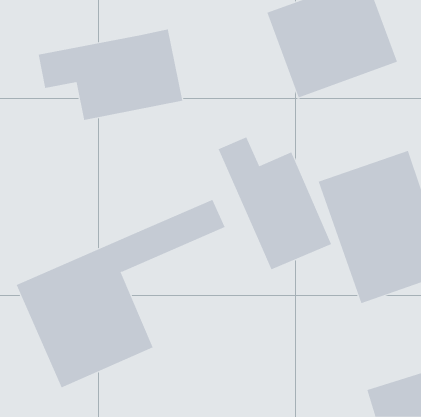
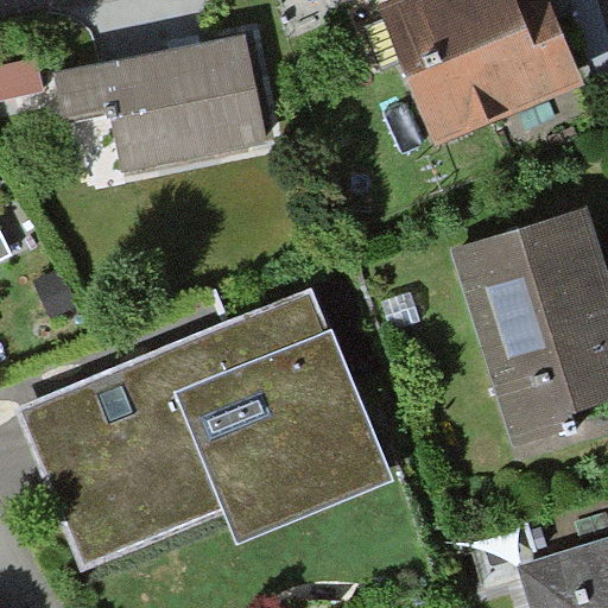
building: [218,136,332,270] -> none
building: none -> [176,327,388,534]

